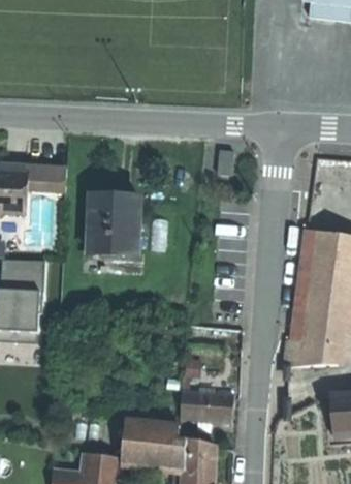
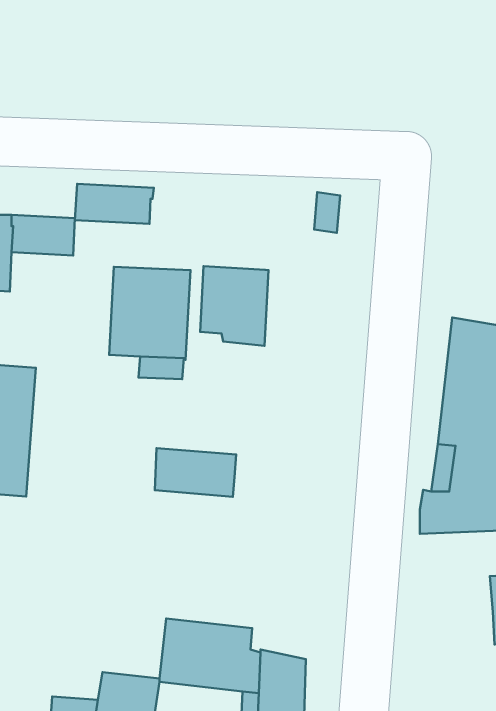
building: none -> [75,184,154,224]
building: none -> [200,266,268,346]
building: [183,391,234,422] -> [155,448,236,497]

